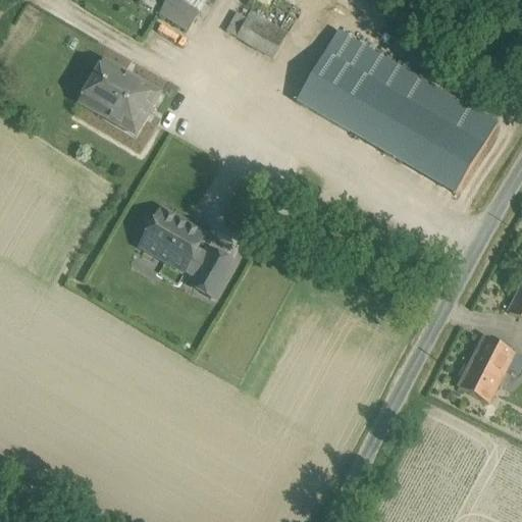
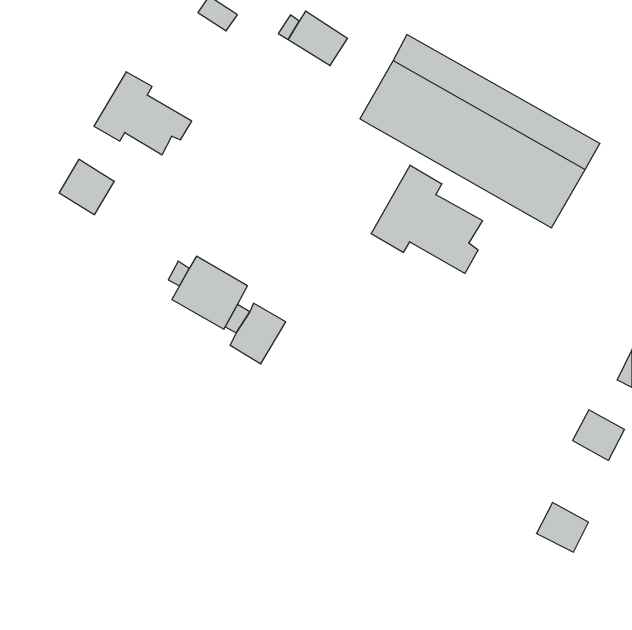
building: none -> [59,159,114,215]
building: none -> [371,165,483,273]
building: [459,363,502,404] -> [536,503,588,552]

